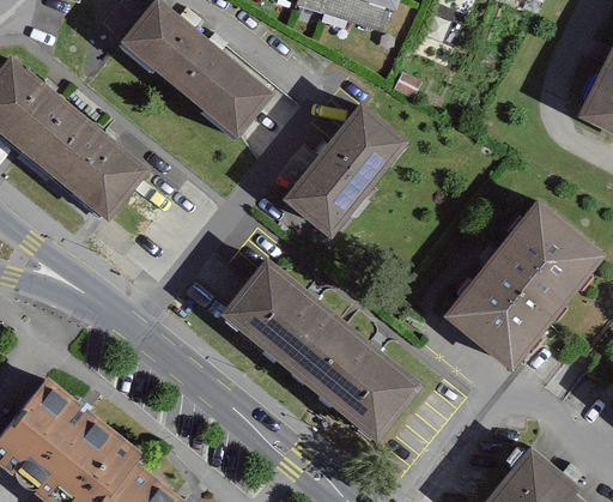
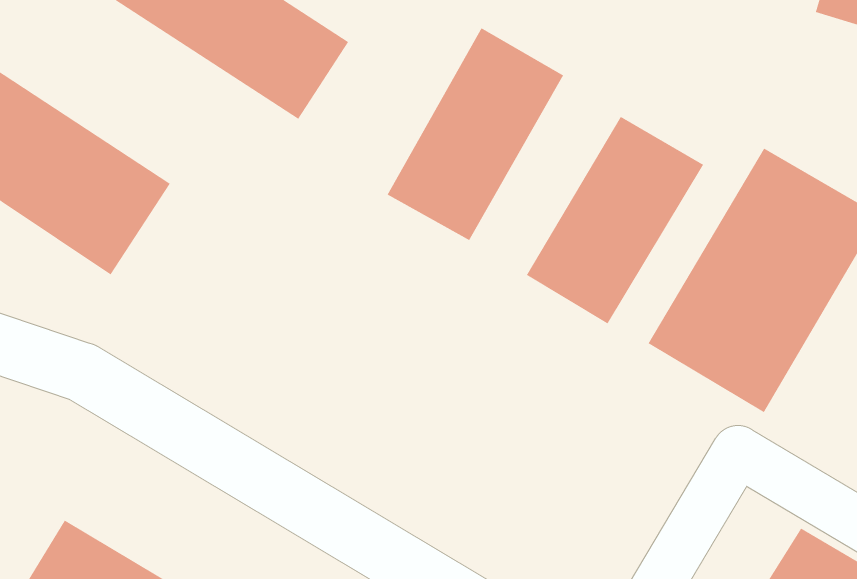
building: none -> [526,116,704,324]
building: [219,262,423,446] -> none

